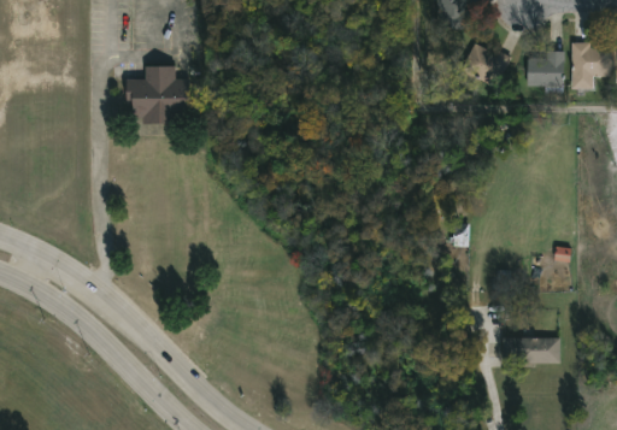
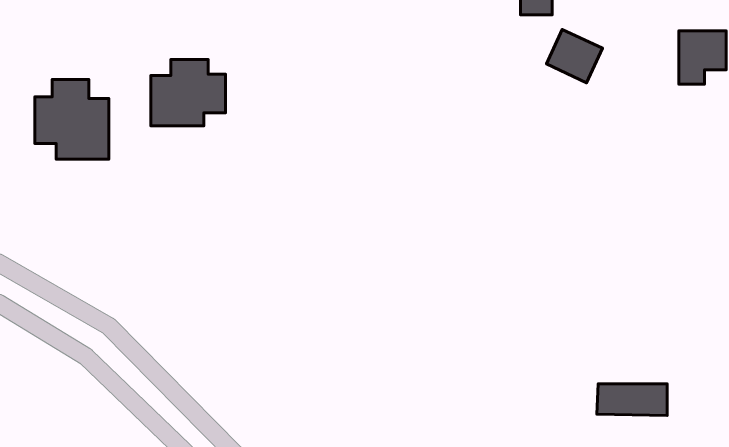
building: [527,52,563,86] -> none
building: none -> [35,79,109,159]

